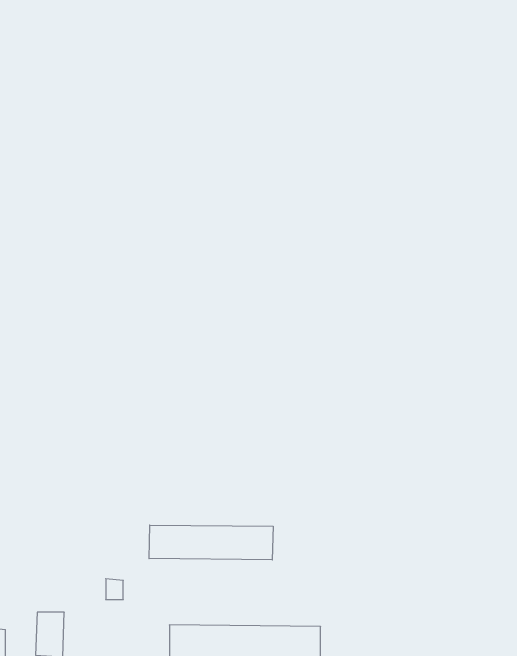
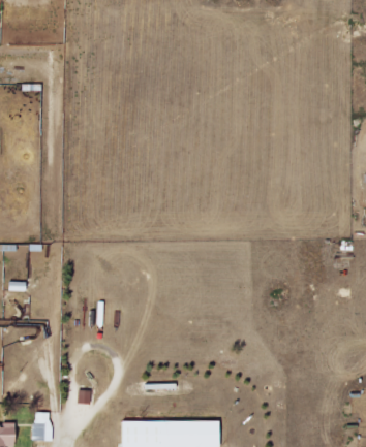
building: [149,525,273,560] -> none

